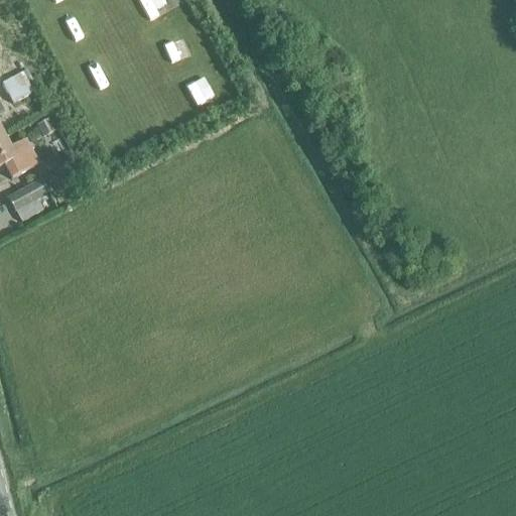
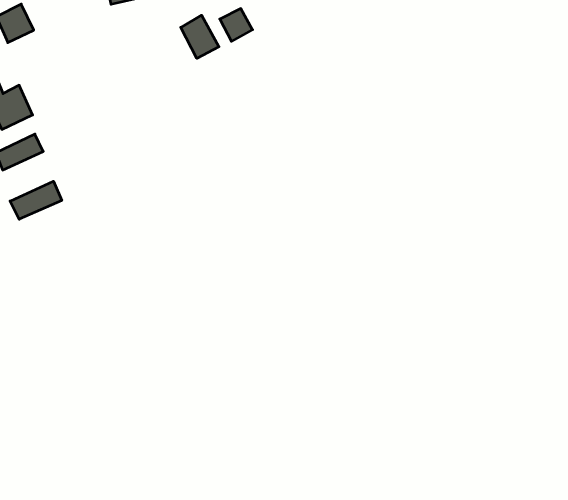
building: none -> [181,15,219,58]
building: none -> [10,181,62,219]

